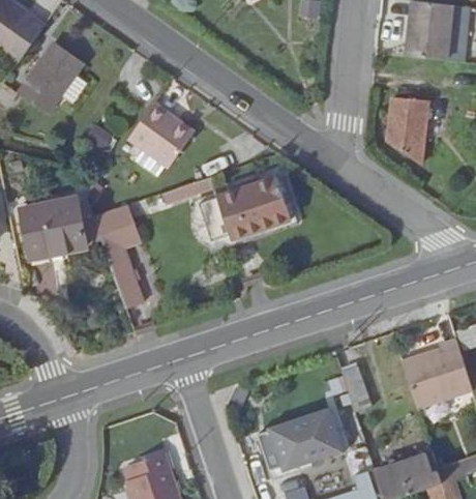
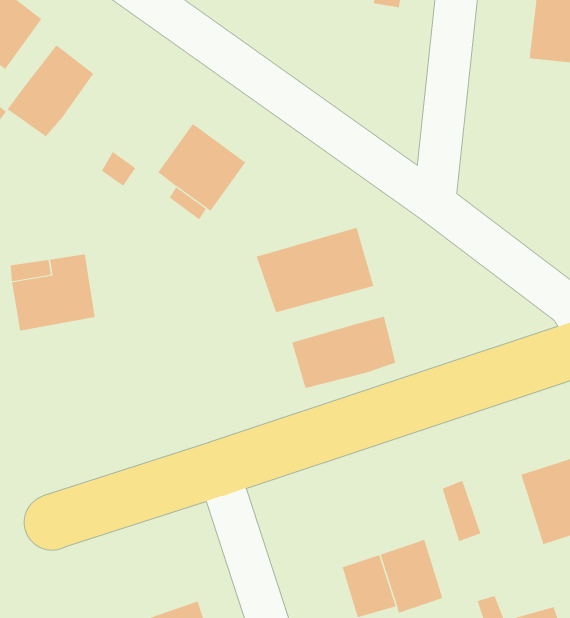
building: [385,92,427,164] -> none
building: [96,203,145,305] -> none
building: none -> [292,316,396,389]

